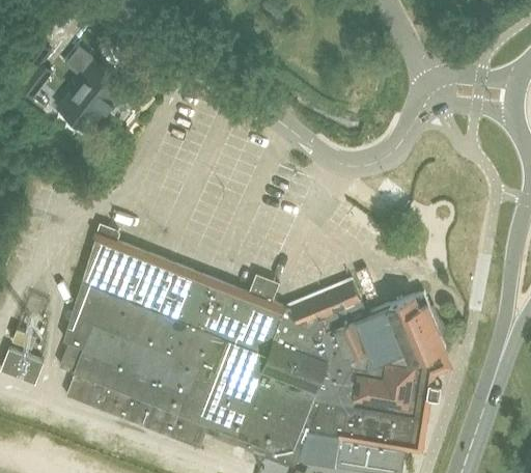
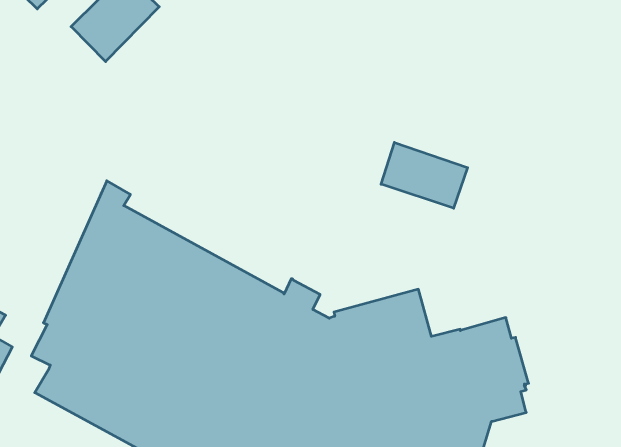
building: none -> [381,142,468,208]

